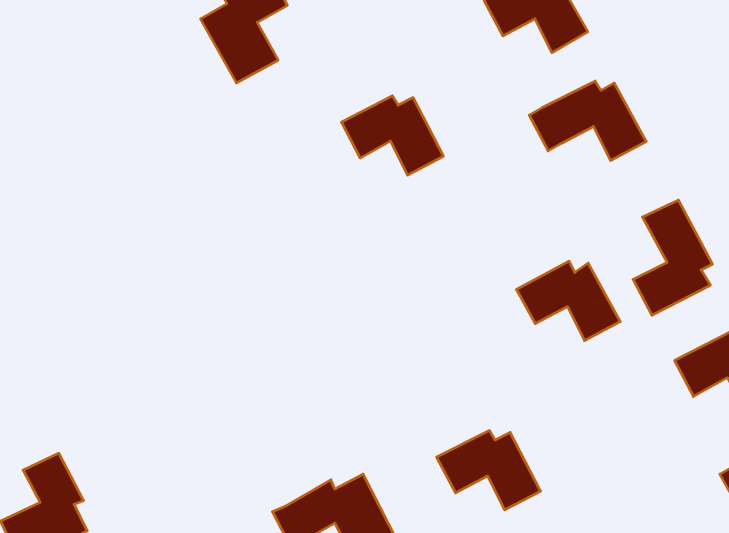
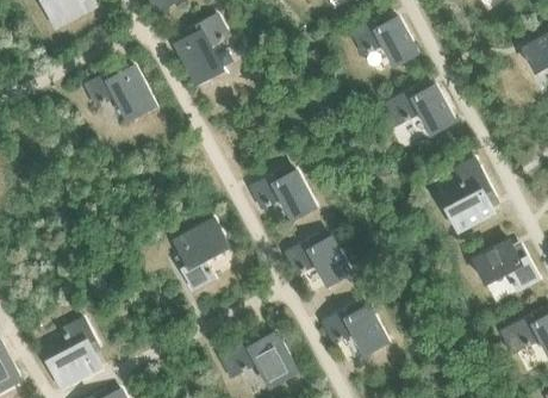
building: none -> [85,66,155,120]
building: [341,96,443,175] -> [250,169,315,219]
building: [516,261,620,341] -> [285,235,350,285]
building: none -> [173,219,229,290]

